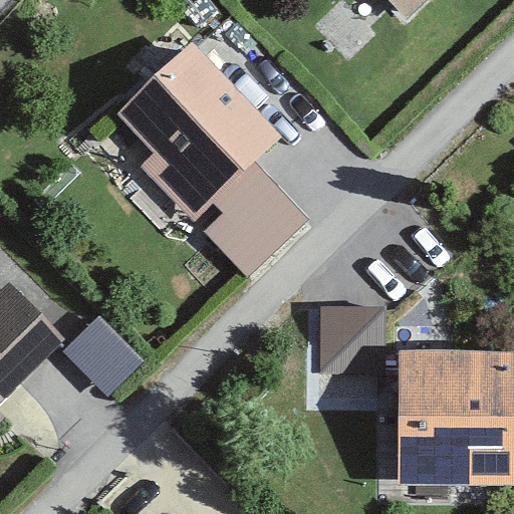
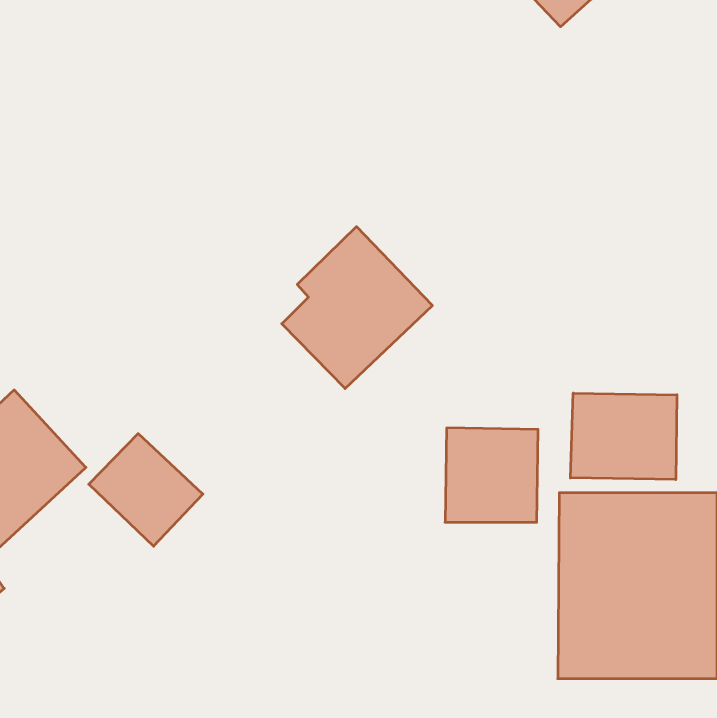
building: [114,40,282,221] -> none
building: none -> [570,393,677,480]

